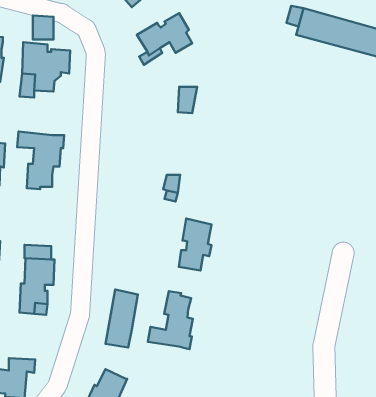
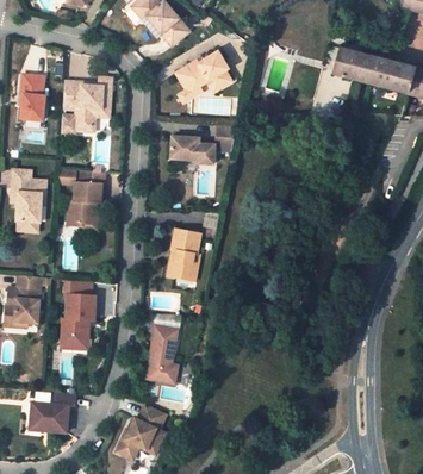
building: none -> [172,138,214,166]
building: [179,219,211,271] -> [168,229,200,280]
building: [148,291,193,349] -> none

